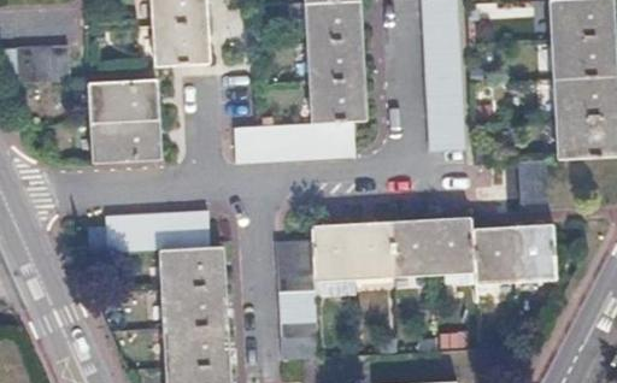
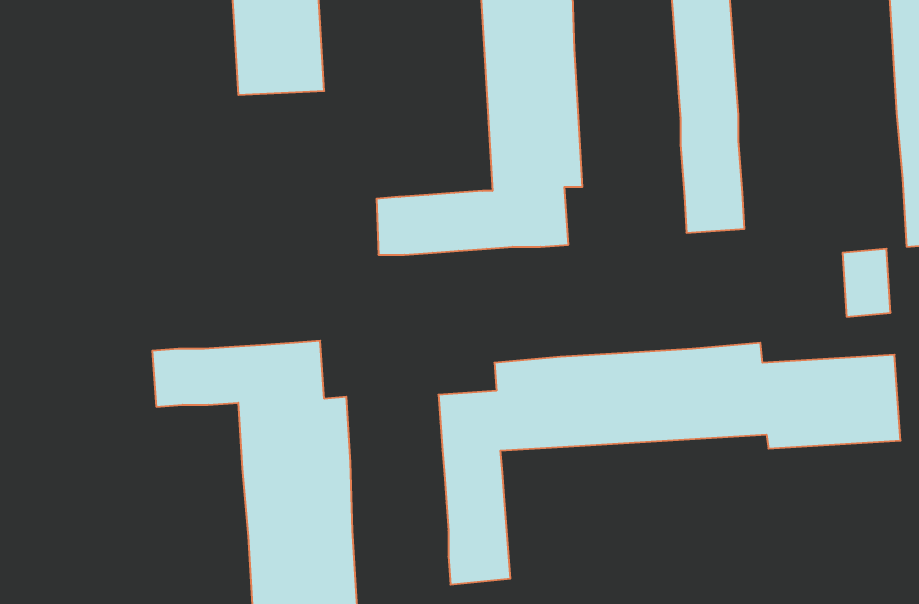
building: [19,47,69,86] -> none
building: [92,78,161,163] -> none

